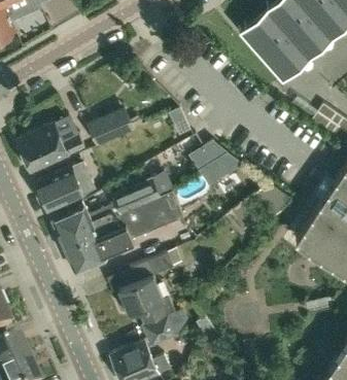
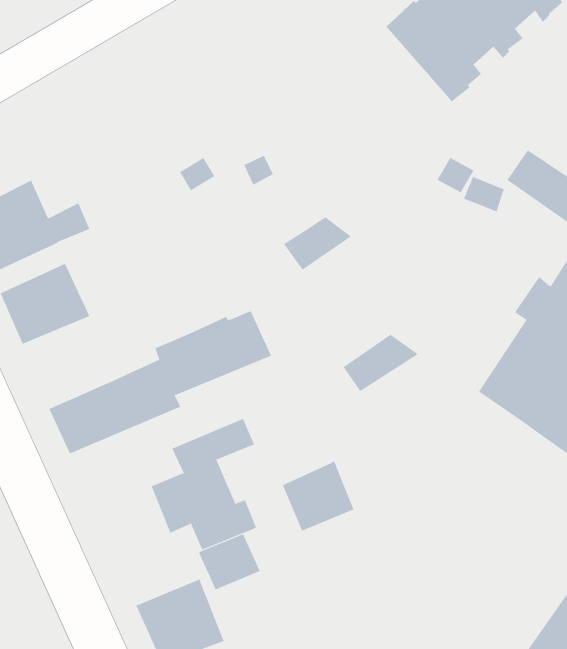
building: [88,113,122,143] -> none
building: [201,151,242,183] -> [343,333,418,392]
building: [53,177,160,245] -> none
building: none -> [282,461,354,531]

